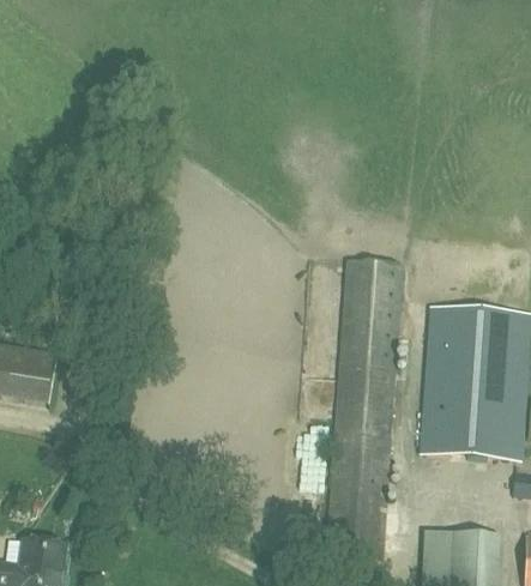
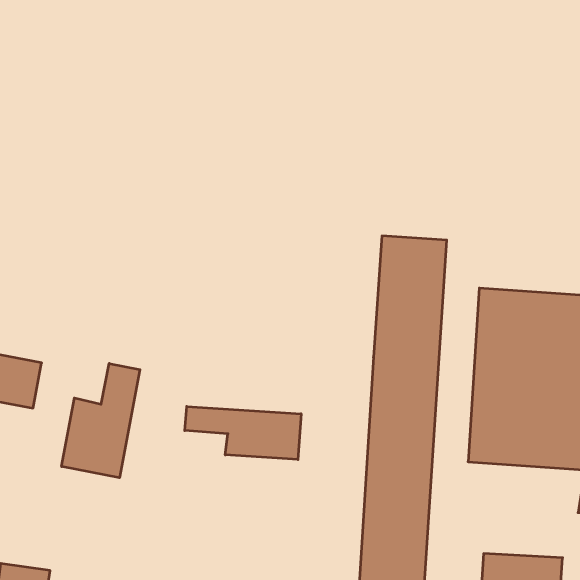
building: none -> [62,363,140,478]
building: none -> [185,406,301,460]

